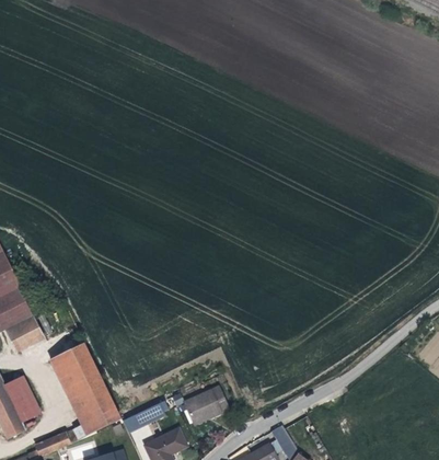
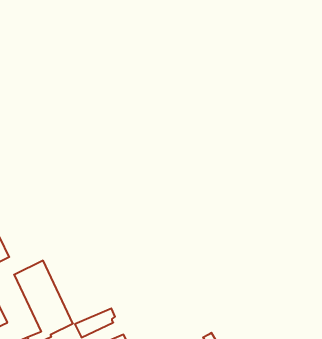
building: [183,383,230,425] -> none

